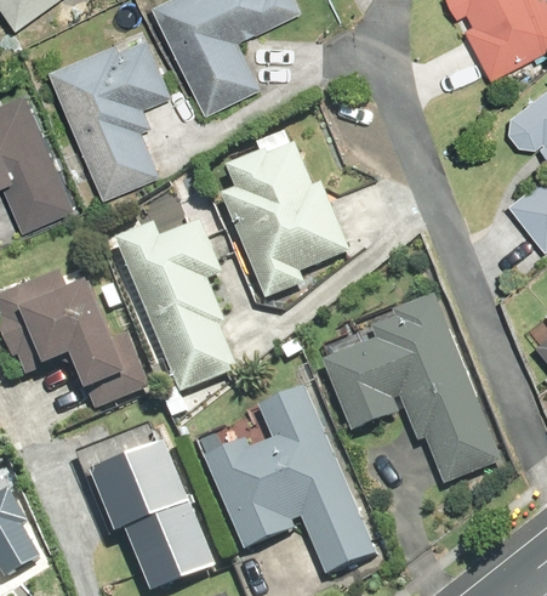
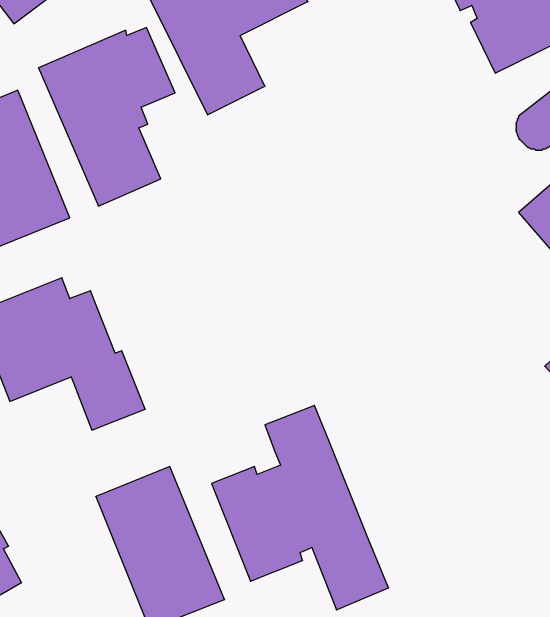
building: [223,132,352,296] -> none
building: [120,222,239,391] -> none
building: [314,297,502,486] -> none

